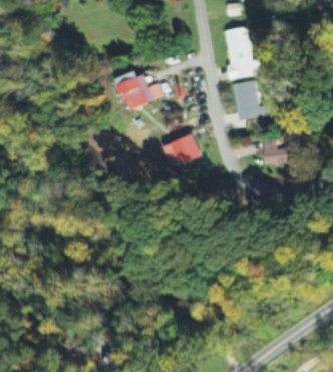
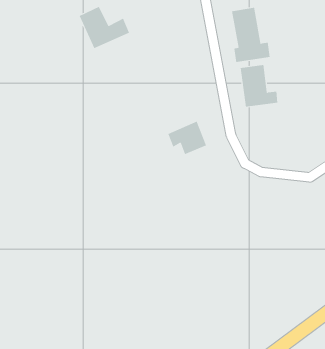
building: [115,70,163,110] -> [79,6,130,49]
building: [262,133,296,163] -> none

